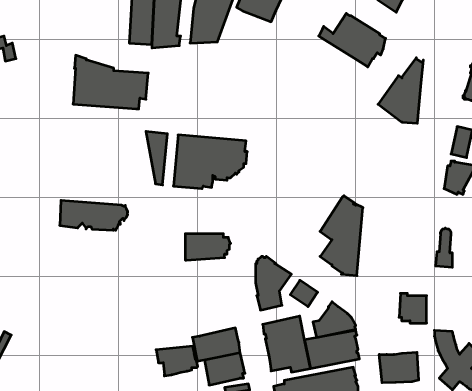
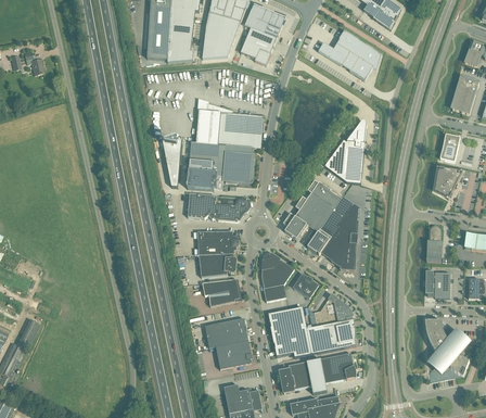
building: none -> [240,28,276,65]
building: [73,55,148,109] -> [195,98,264,147]
building: [378,58,423,123] -> [324,124,366,183]
building: none -> [283,179,341,254]
building: [60,200,128,230] -> [188,193,250,220]
building: none -> [199,253,236,277]
building: [399,293,427,323] -> [424,270,449,297]
building: [156,346,198,376] -> [202,279,240,306]
building: [379,352,419,383] -> none

